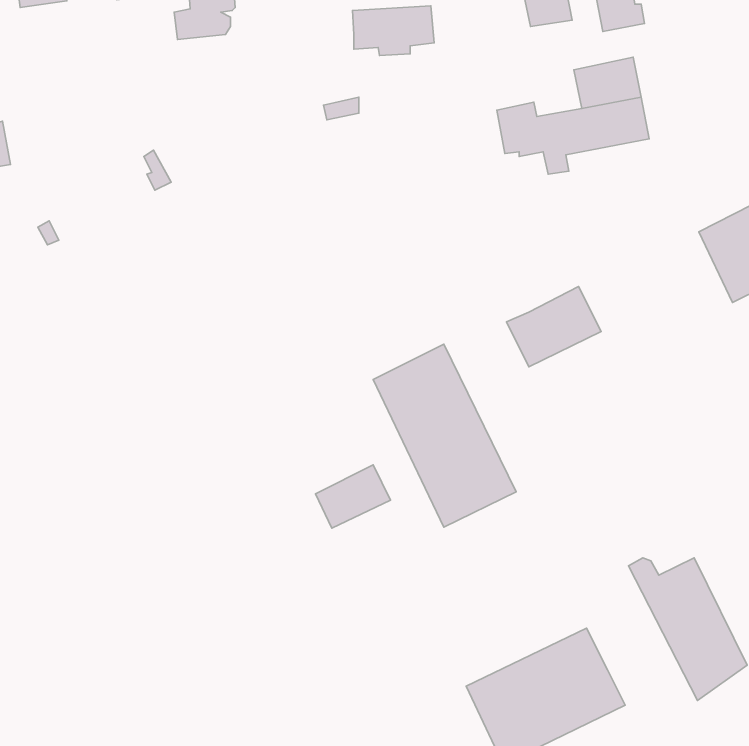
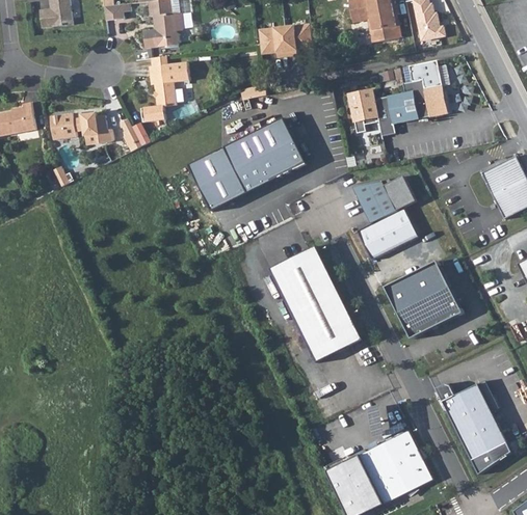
building: none -> [140,56,187,123]
building: none -> [51,113,112,143]
building: none -> [190,117,307,210]
building: none -> [353,175,415,224]
building: none -> [384,261,463,338]
building: [315,465,391,528] -> none

